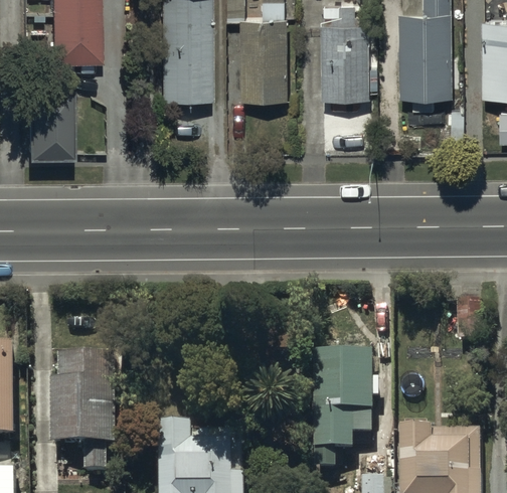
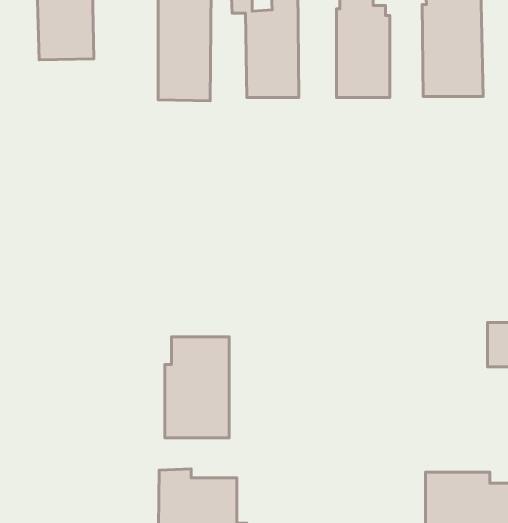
building: [28,94,73,158] -> none
building: [315,363,373,459] -> none
building: [55,365,114,457] -> [165,337,229,438]

